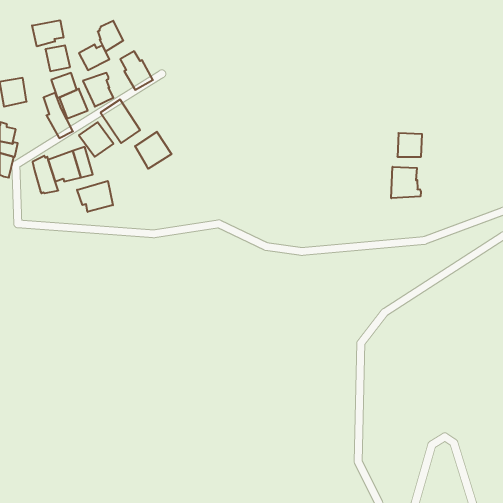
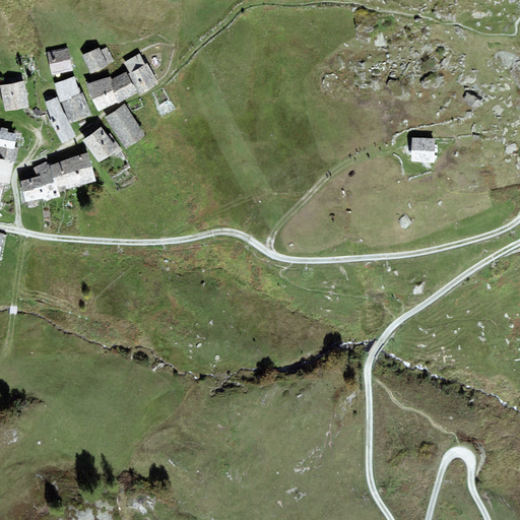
building: [32,20,63,46] -> none
building: [98,21,123,51] -> [110,71,136,103]
building: [135,132,171,169] -> none
building: [391,167,421,198] -> none
building: none -> [19,176,42,201]
building: [77,181,113,212] -> none

